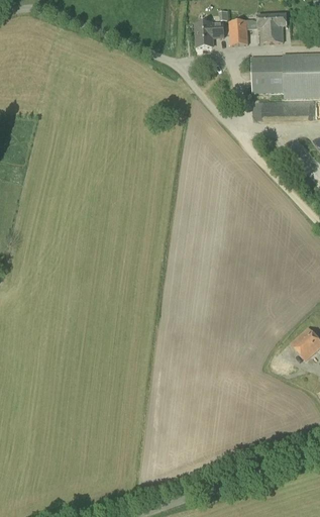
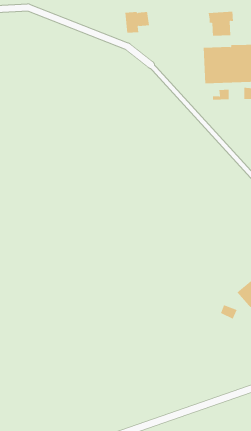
building: [229,20,257,45] -> none
building: [196,22,225,47] -> [125,12,150,33]

